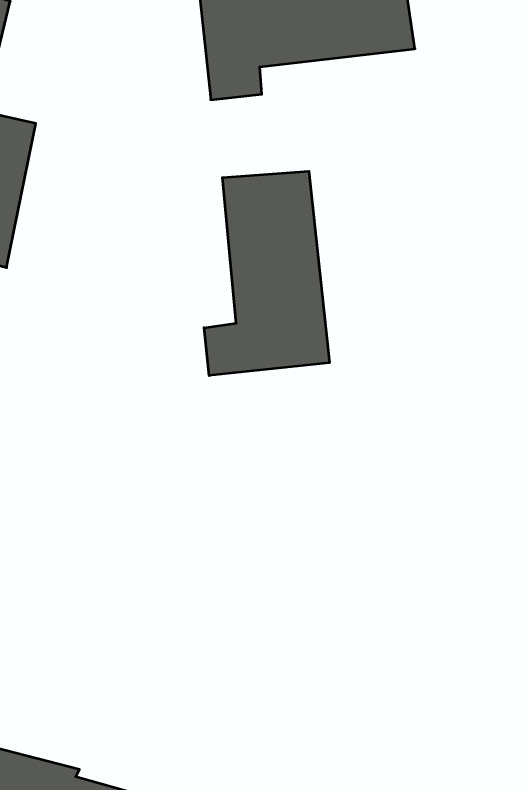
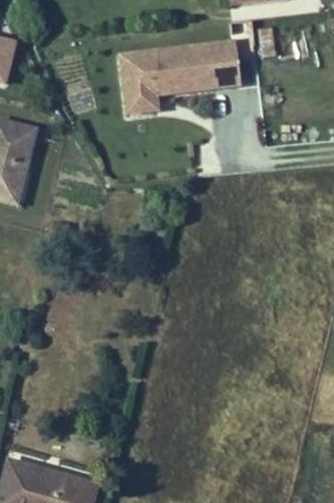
building: [204,171,329,376] -> none

